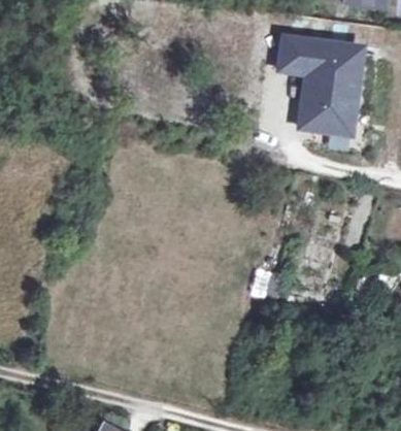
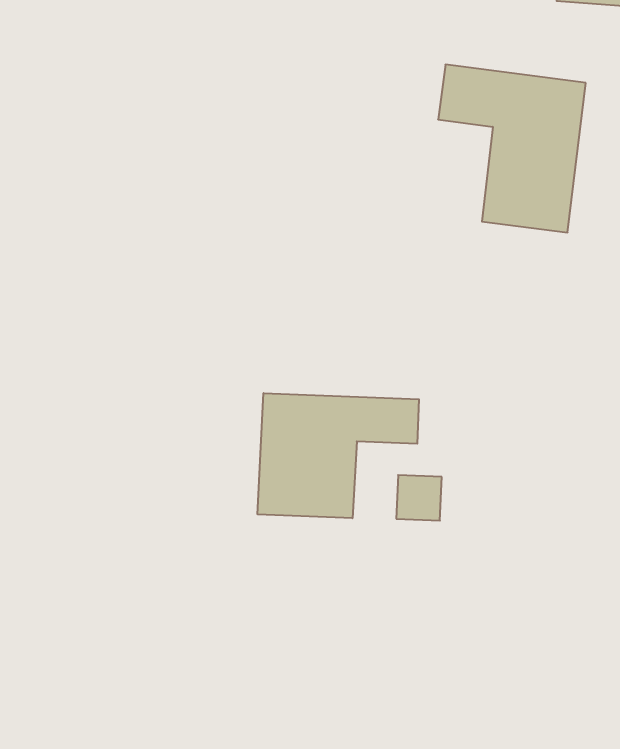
building: none -> [258,393,419,518]

